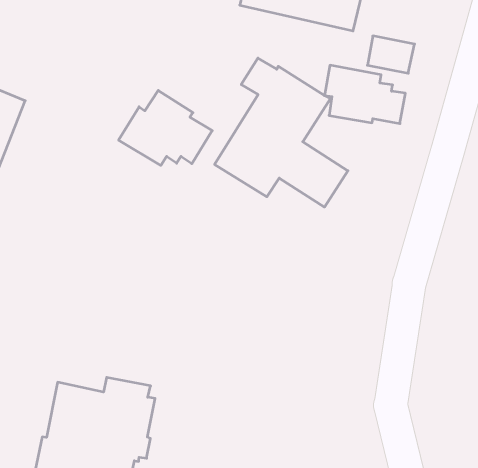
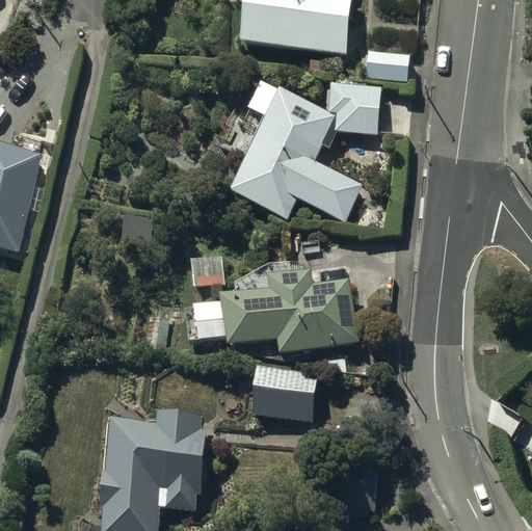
building: [119,90,212,165] -> none
building: none -> [193,258,356,345]
building: none -> [247,355,317,413]

